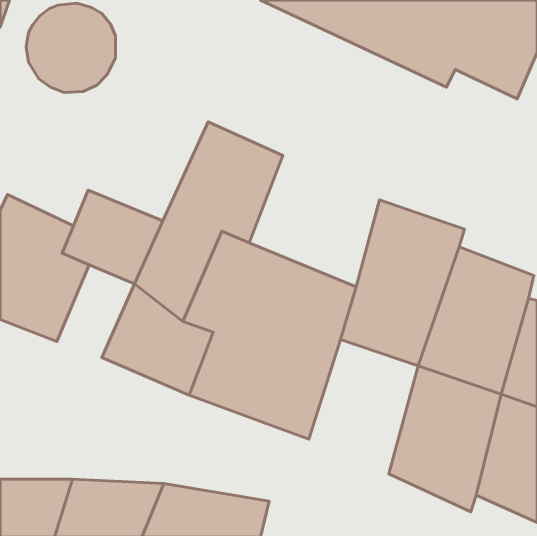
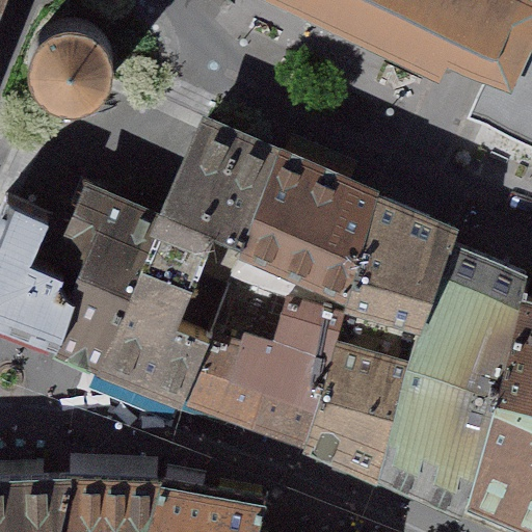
building: none -> [246,155,375,285]
building: none -> [56,263,133,354]
building: none -> [305,337,414,470]

